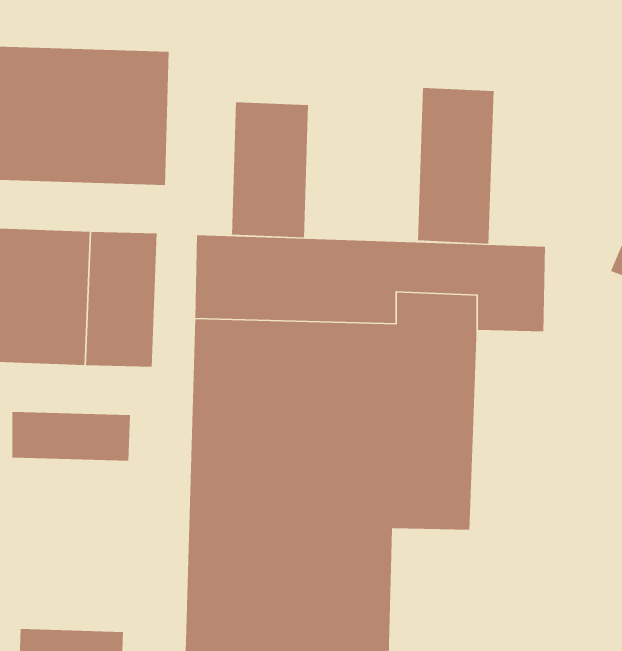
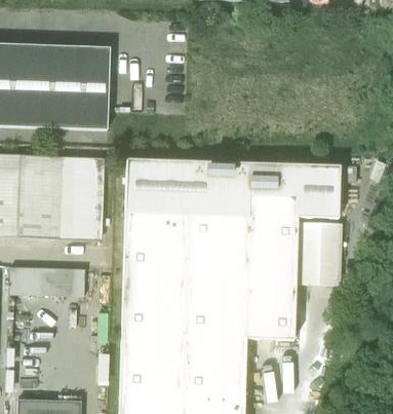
building: [417,87,494,244] -> none
building: [231,102,309,238] -> none
building: none -> [294,221,342,285]

